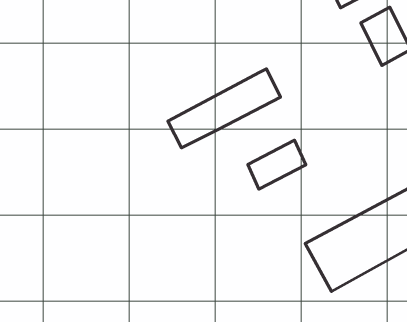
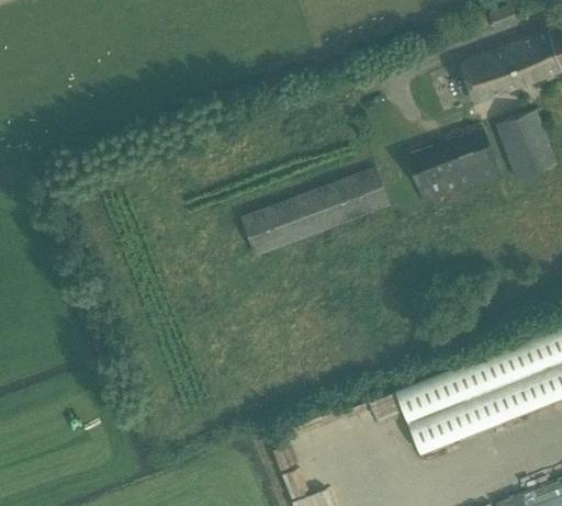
building: none -> [408,130,503,204]
building: [248,140,306,189] -> none

